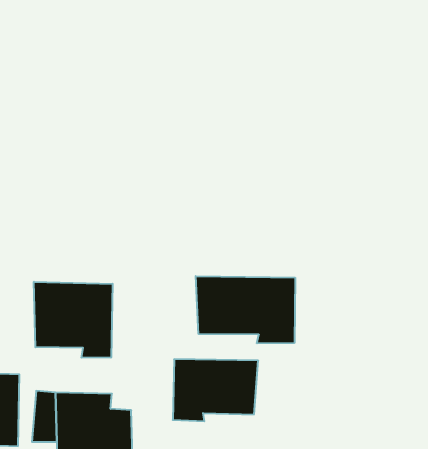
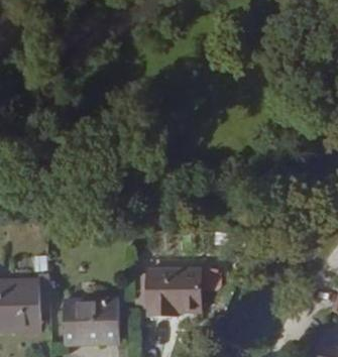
building: [196,276,295,343] -> none
building: [34,282,113,358] -> none

